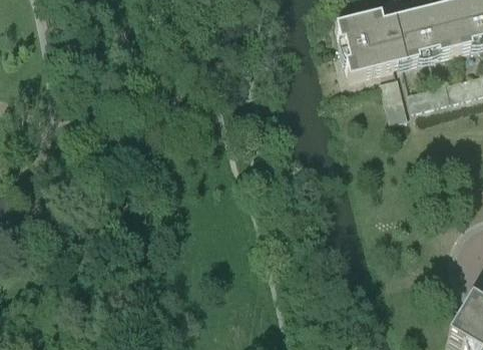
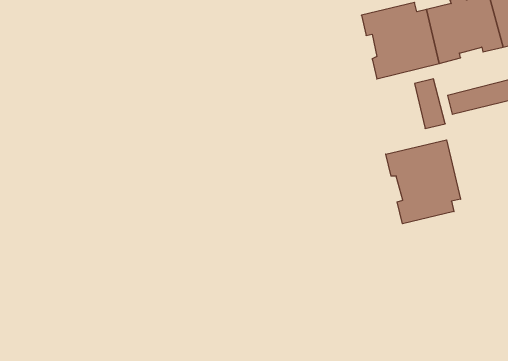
building: none -> [386,140,461,224]

